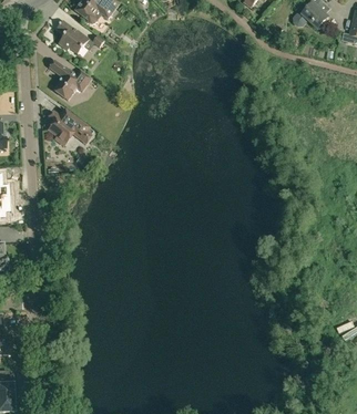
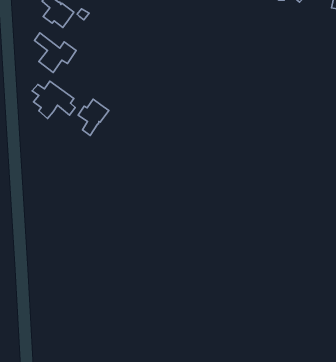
building: none -> [78,99,109,136]

